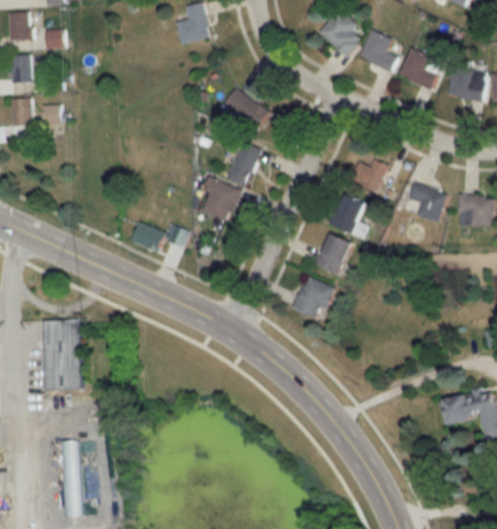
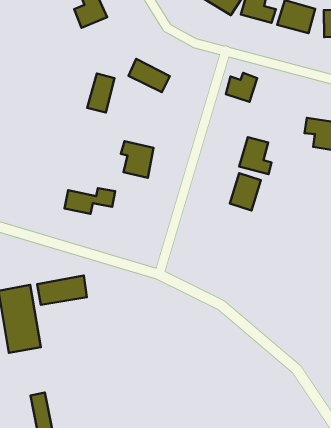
building: [226,141,261,185] -> [87,73,114,112]
building: [350,158,387,191] -> [226,73,257,102]
building: [291,276,334,317] -> none
building: none -> [37,275,87,305]

